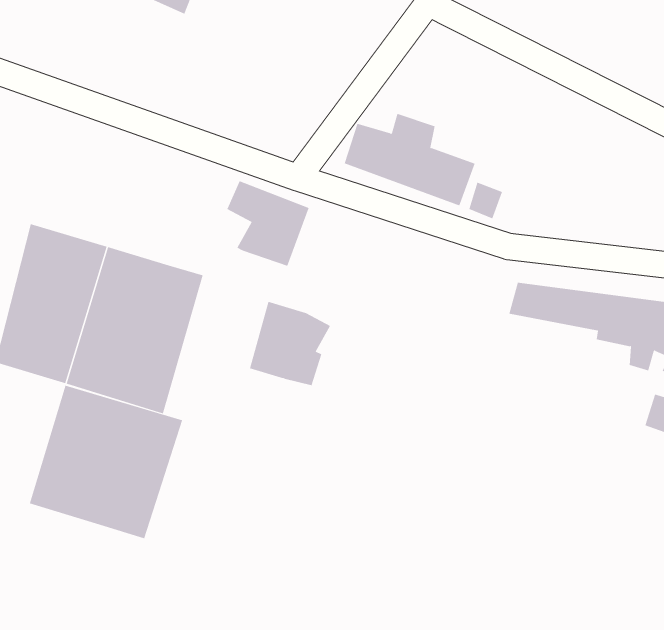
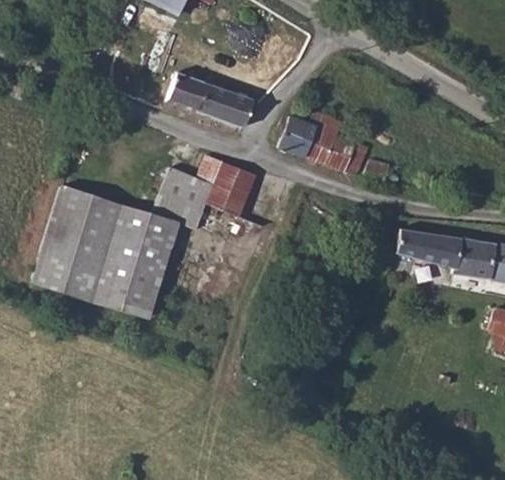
building: none -> [170,74,254,127]
building: [249,301,331,386] -> [156,169,213,228]
building: [29,385,183,539] -> none

